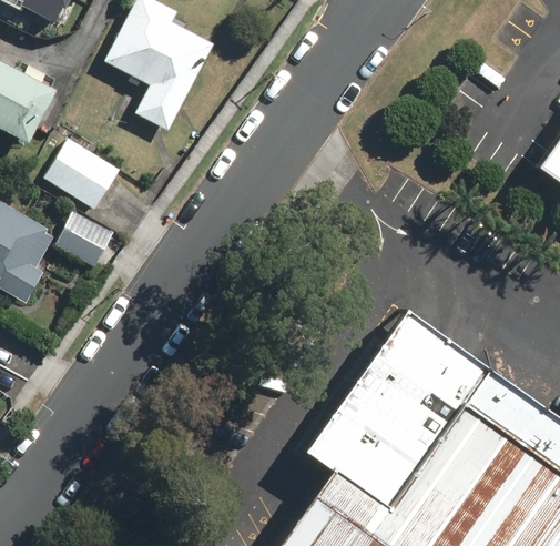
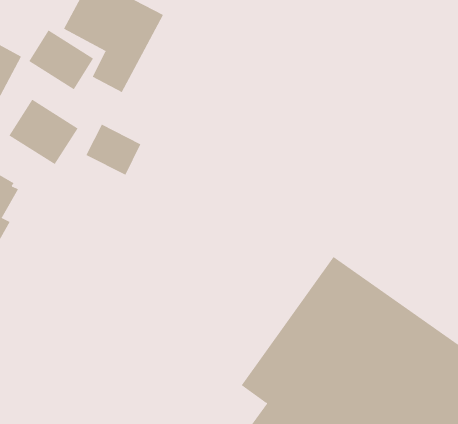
building: none -> [28,30,94,90]
building: [54,211,115,267] -> [85,124,141,176]

